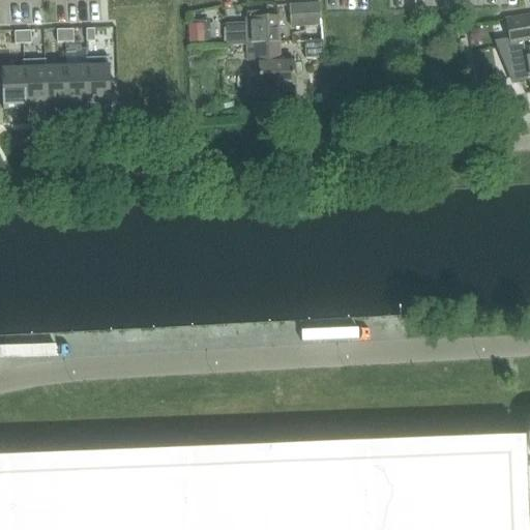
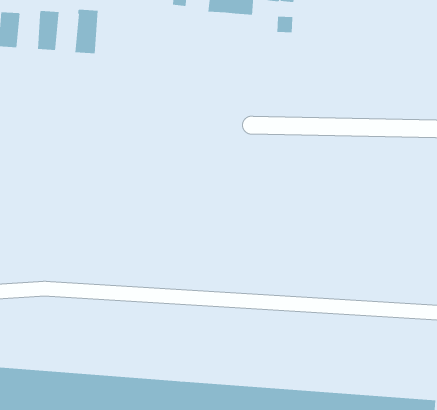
building: [258,40,294,90] -> none
building: [23,57,47,106] -> none
building: [66,61,88,104] -> none

